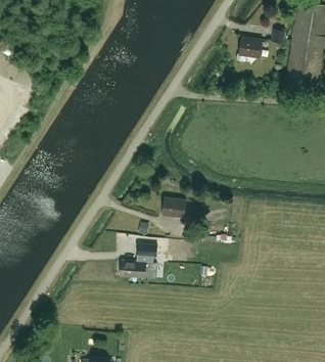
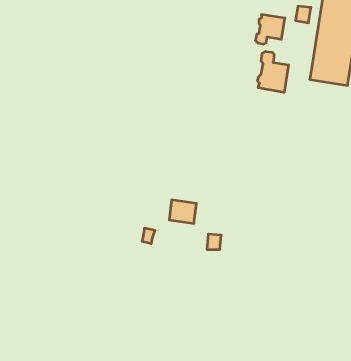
building: none -> [258,51,289,92]
building: [121,243,157,276] -> none

